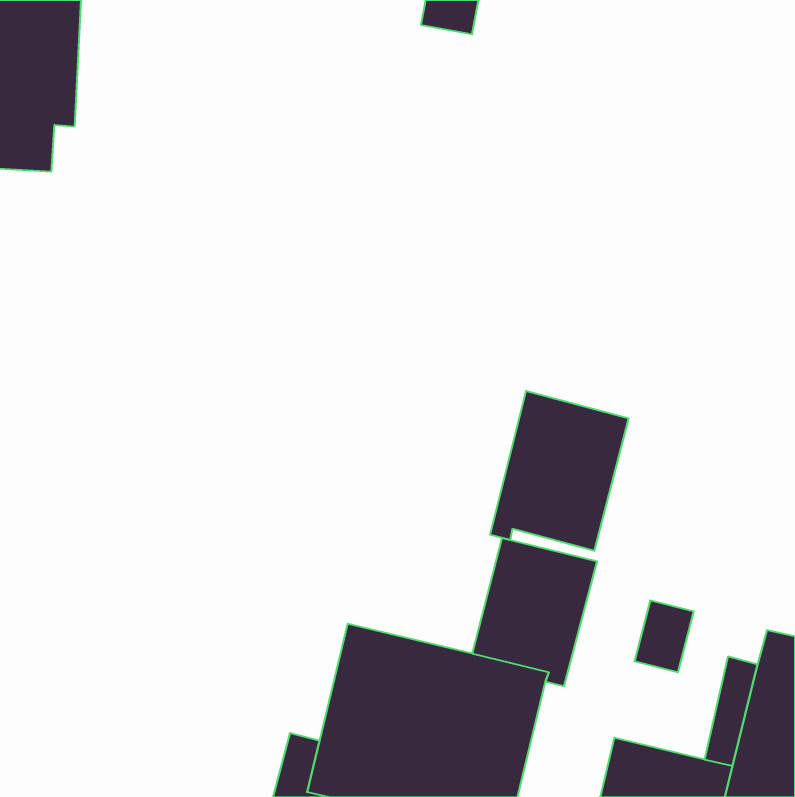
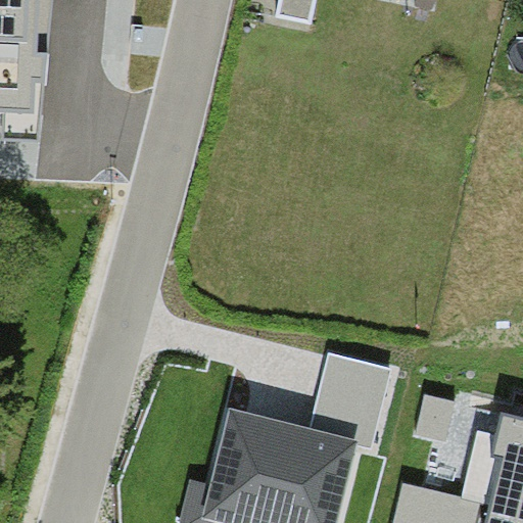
building: [490,391,628,551] -> none

